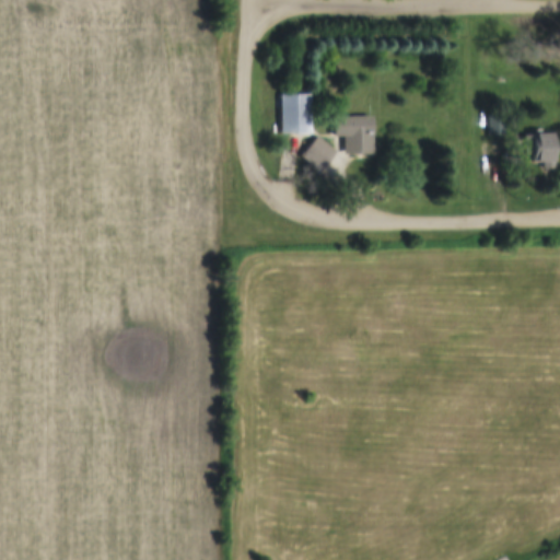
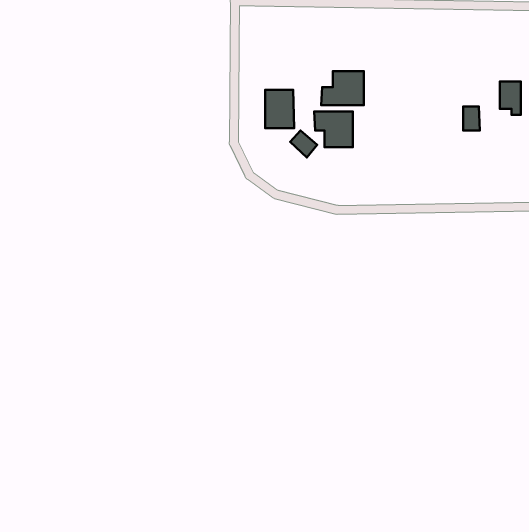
building: none -> [321,71,364,105]
building: [533,135,555,170] -> [500,82,521,115]

